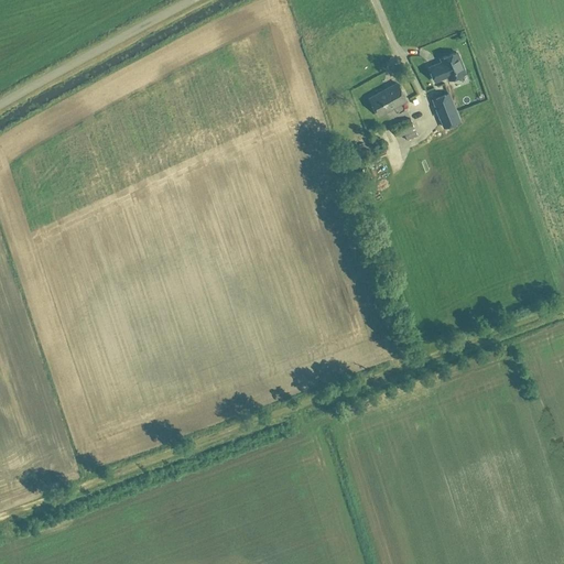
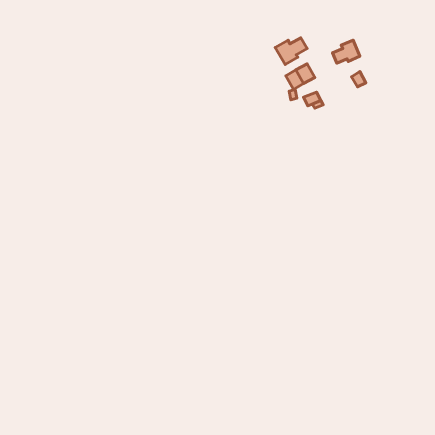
building: none -> [275,38,307,64]
building: [432,94,459,129] -> none

